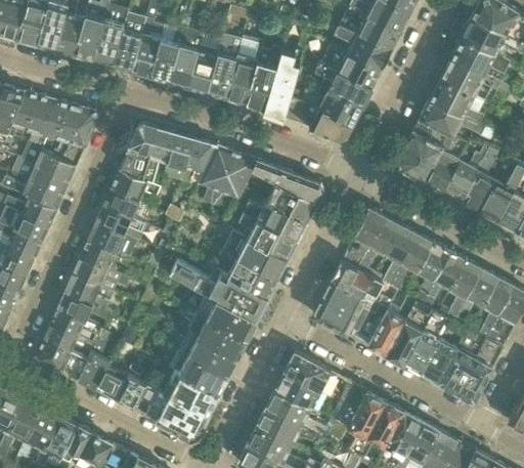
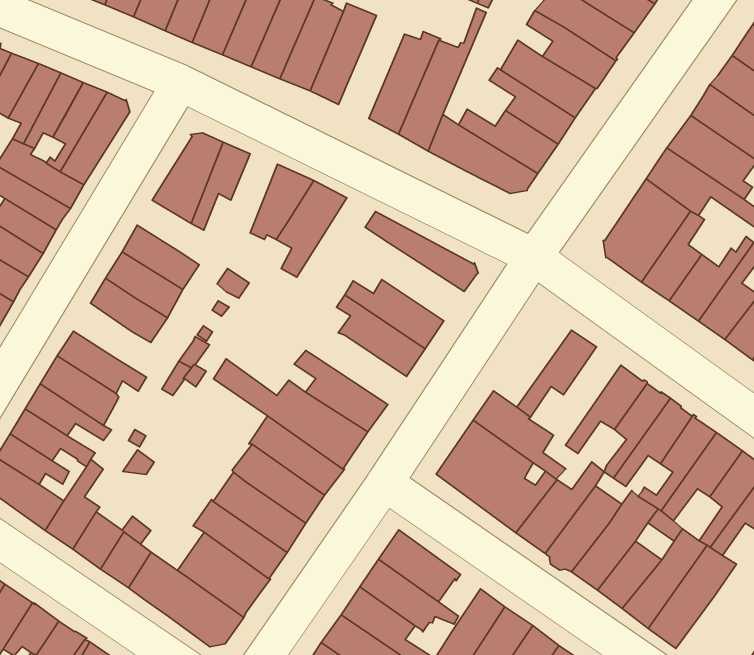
building: [225,37,262,103] -> none
building: [162,134,192,186] -> none
building: [213,154,256,209] -> none
building: [112,170,161,200] -> none
building: [259,176,316,221] -> none
building: [342,208,385,268] -> none
building: [383,225,418,288] -> none
building: [81,238,129,269] -> none
building: [224,238,288,276] -> none

